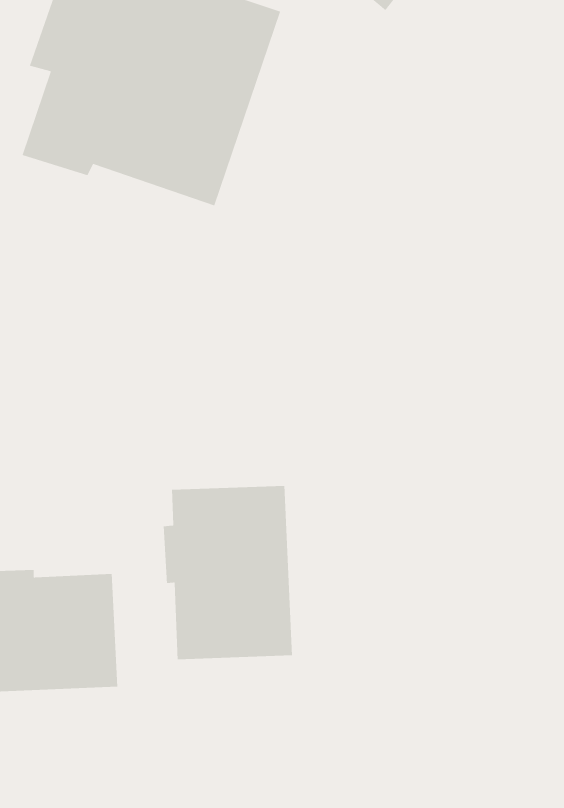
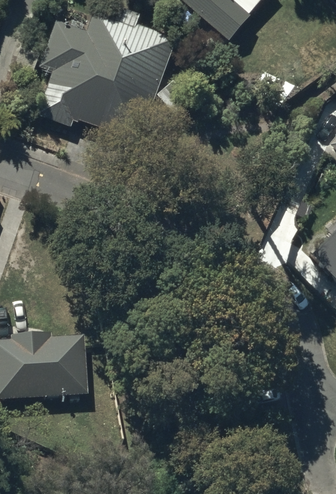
building: [163,485,293,660] -> none

